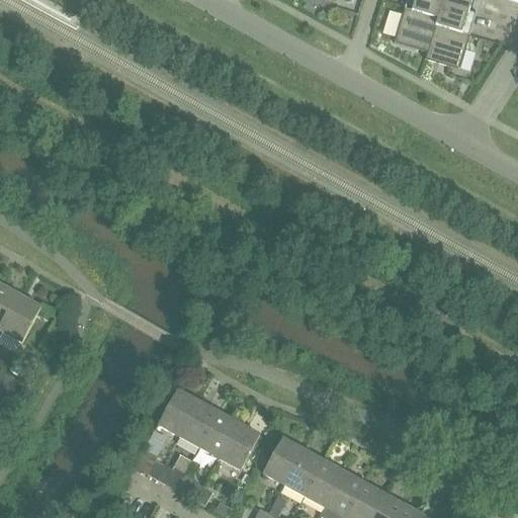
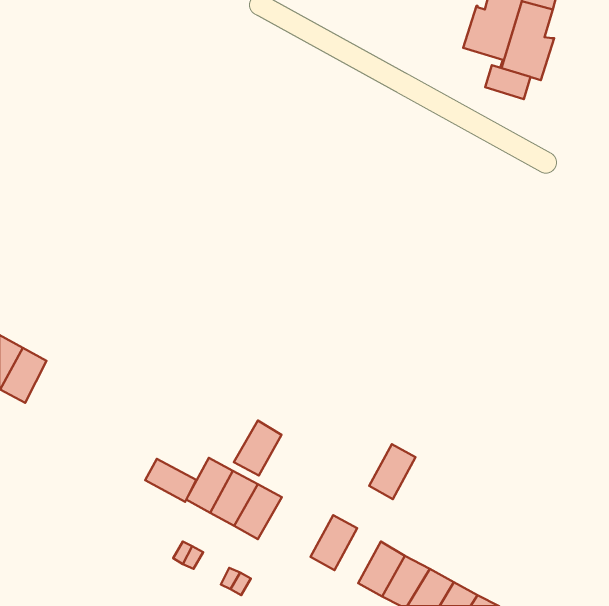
building: none -> [485,65,530,99]
building: none -> [145,459,196,502]
building: [219,421,259,467] -> [234,420,282,475]
building: [283,447,323,494] -> [369,444,416,499]

